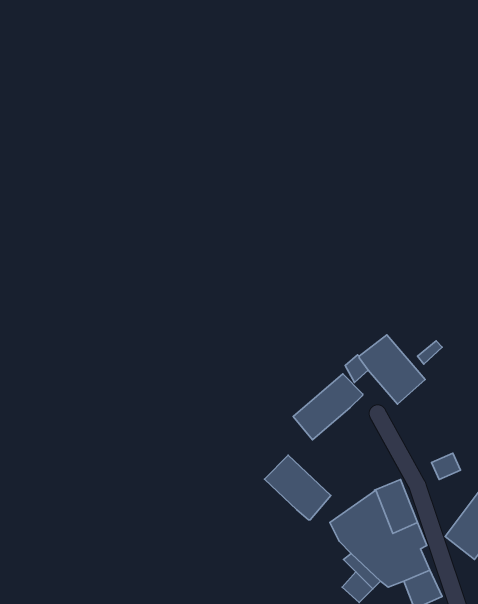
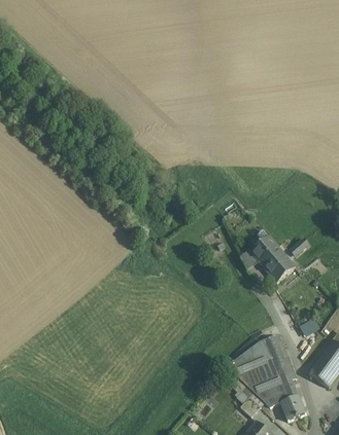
building: [293,374,363,440] -> none
building: [265,455,331,520] -> none

